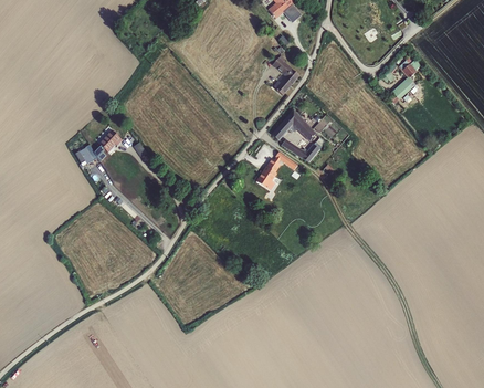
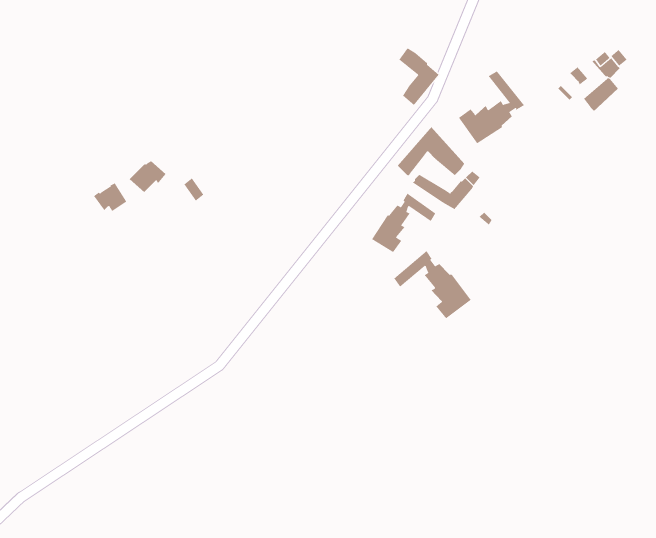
building: none -> [458,71,525,144]
building: none -> [394,250,472,319]

